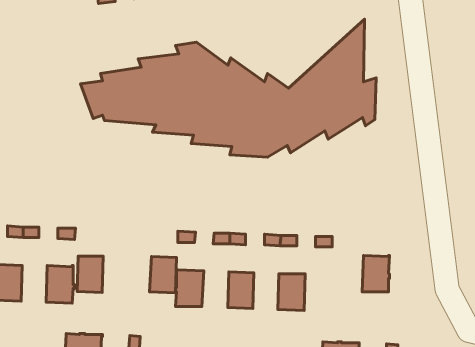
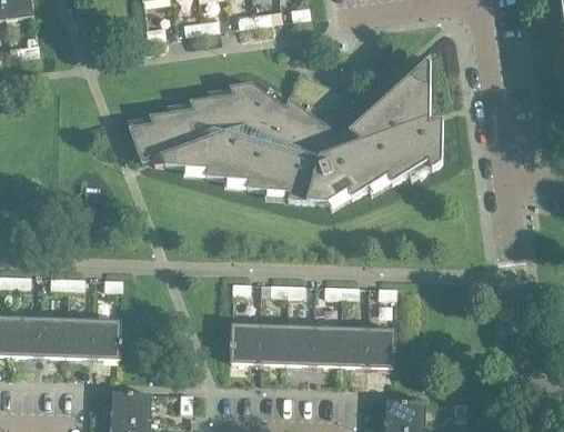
building: [362,255,389,292] -> [365,328,394,366]
building: [77,256,103,293] -> [64,319,92,358]
building: [149,256,177,293] -> [256,324,285,363]
building: none -> [311,326,339,365]

